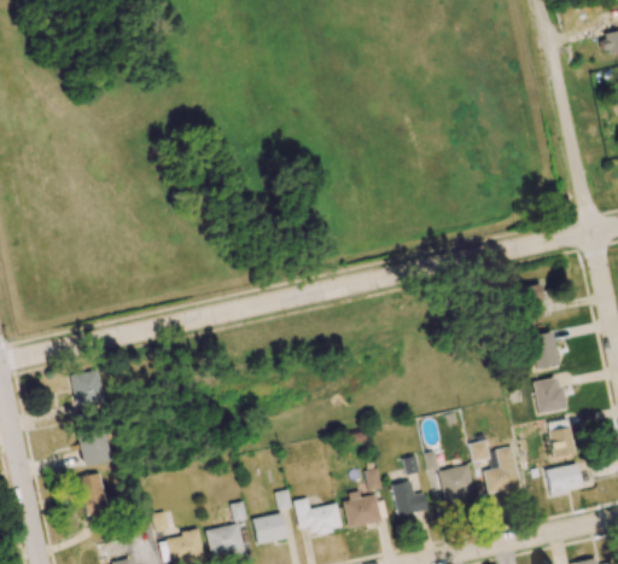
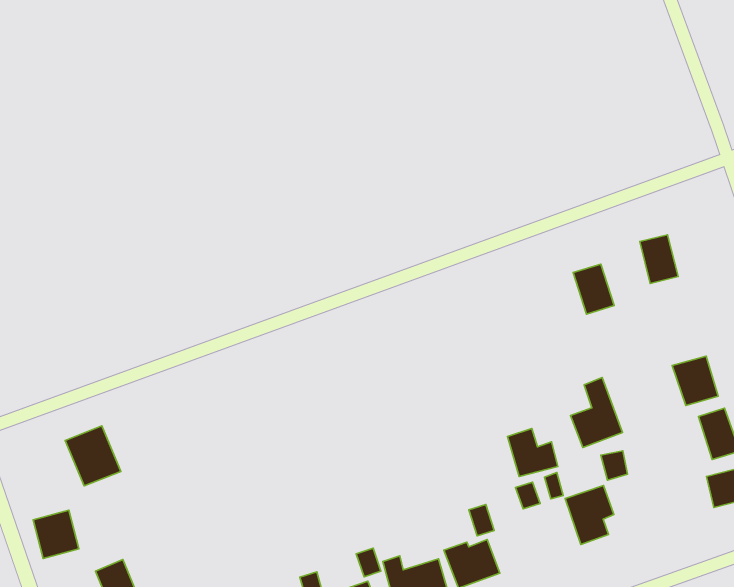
building: [531,332,559,368] -> [573,264,614,314]
building: [78,431,110,465] -> [33,510,79,558]
building: [484,446,521,496] -> [570,378,622,447]
building: [393,481,428,516] -> [507,428,558,477]

